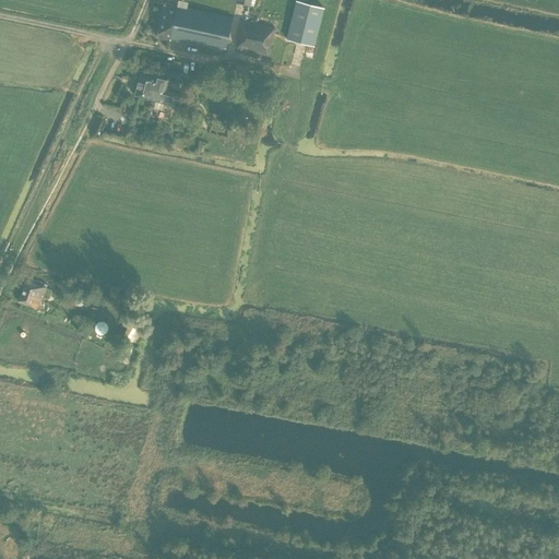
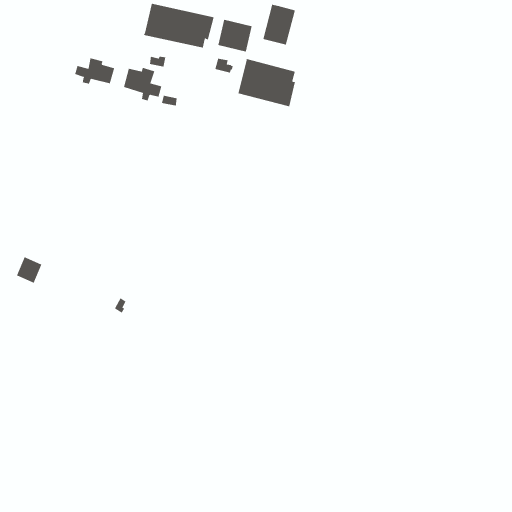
building: none -> [75,58,115,85]
building: none -> [238,58,296,107]

